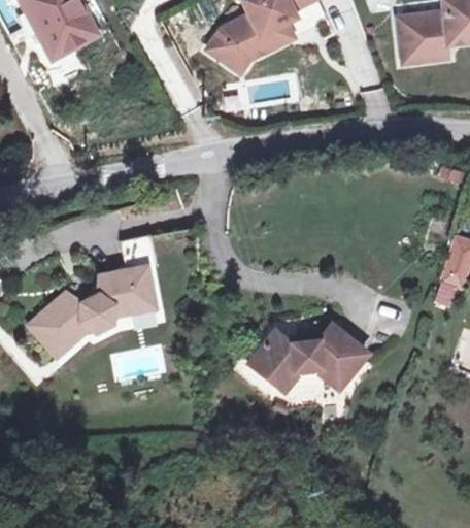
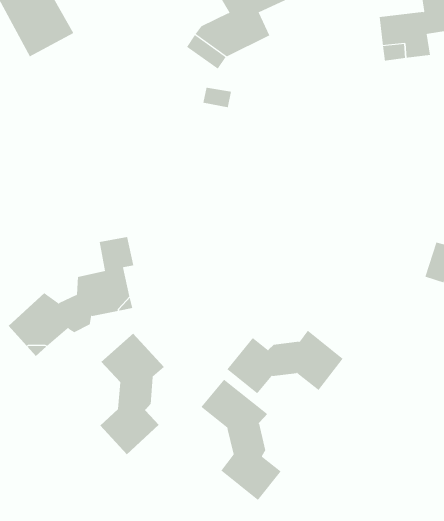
building: none -> [100,333,165,455]
building: none -> [200,379,281,501]

